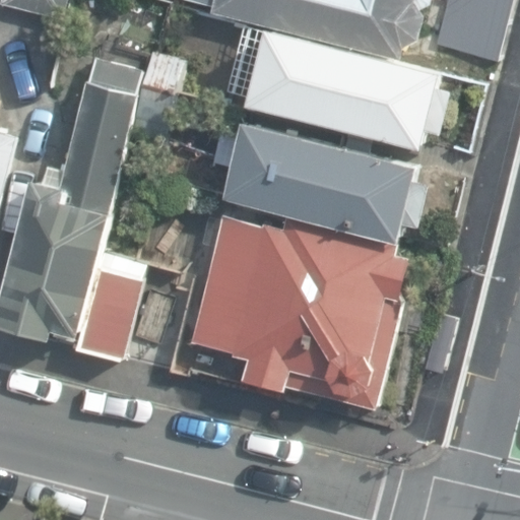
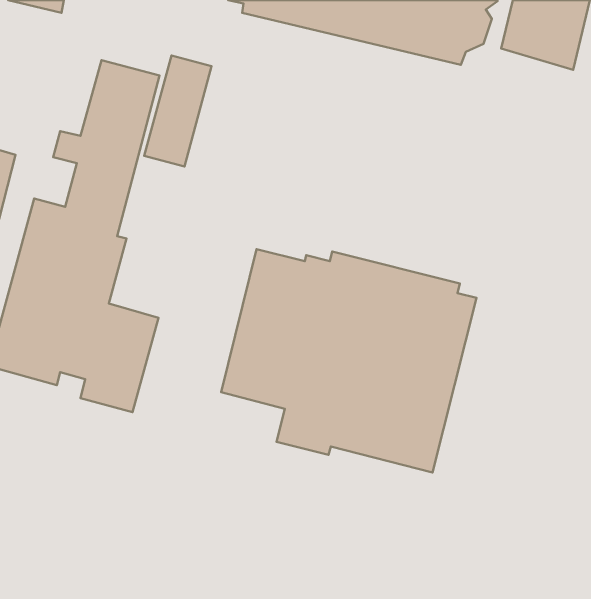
building: [247,31,448,151] -> none
building: [224,115,428,236] -> none

